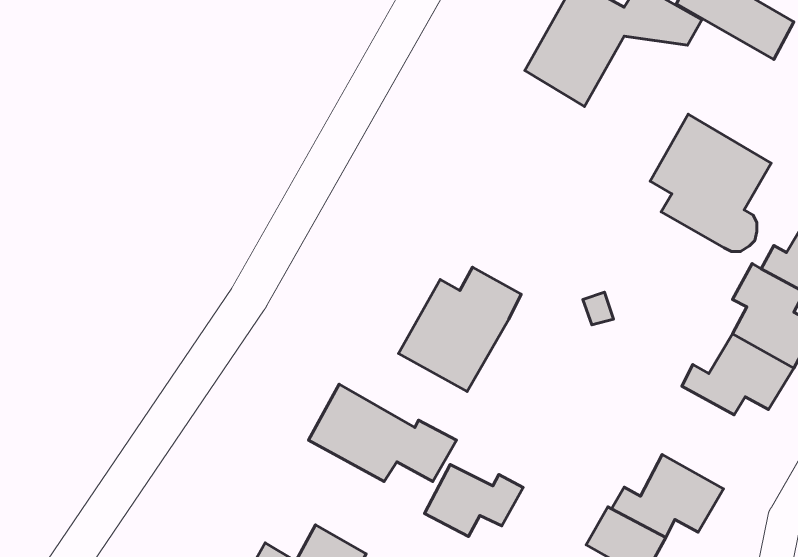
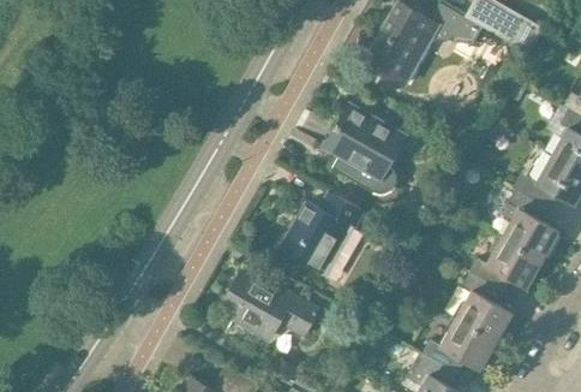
building: [650,114,771,251] -> [325,103,406,195]
building: none -> [456,272,513,340]
building: [425,464,523,536] -> none

